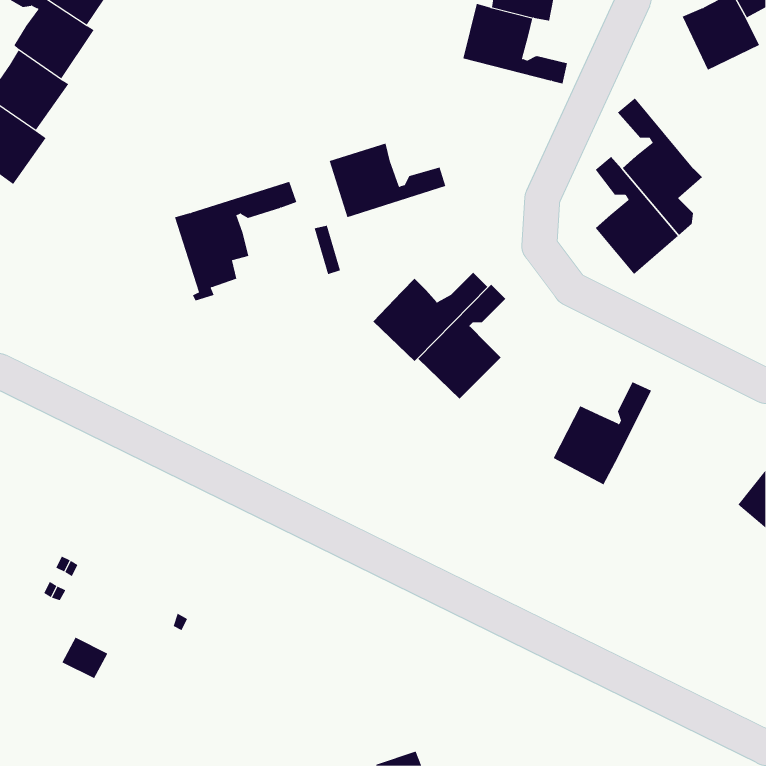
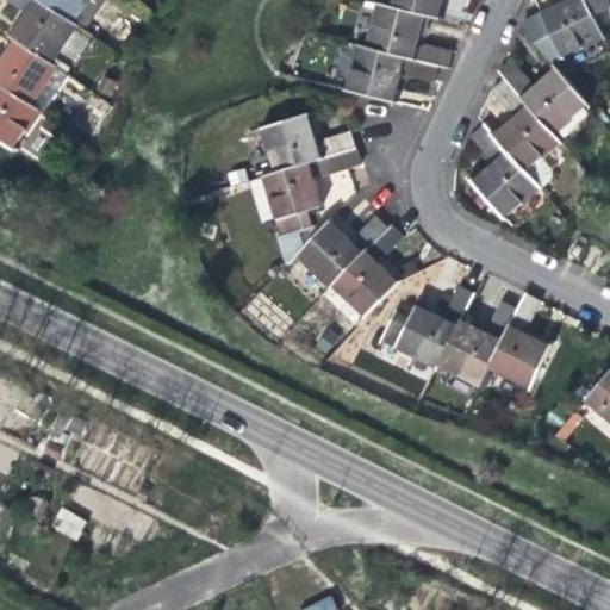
building: none -> [346,44,437,101]
building: none -> [498,58,586,133]
building: [174,181,297,301] -> [262,148,360,243]
building: none -> [379,286,474,367]
building: none -> [488,293,550,388]

